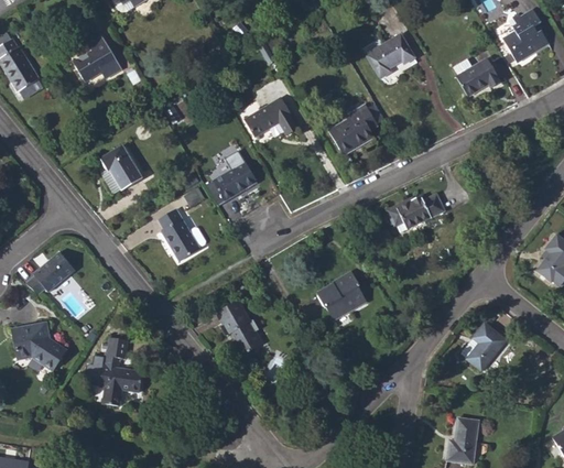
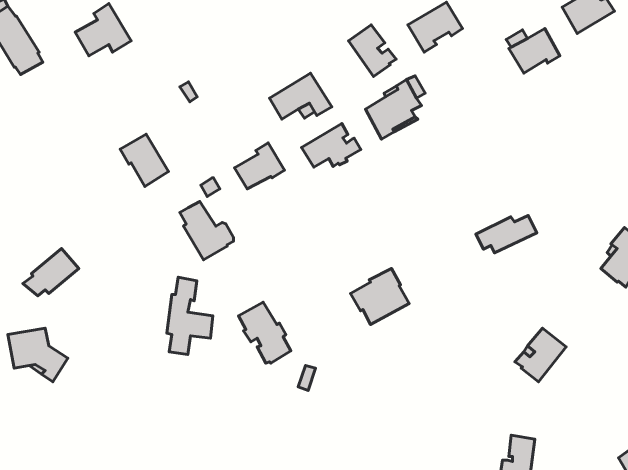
building: none -> [348,25,396,77]
building: none -> [302,124,361,167]
building: [389,194,443,227] -> [476,215,537,253]
building: [99,337,140,405] -> [167,277,213,354]

